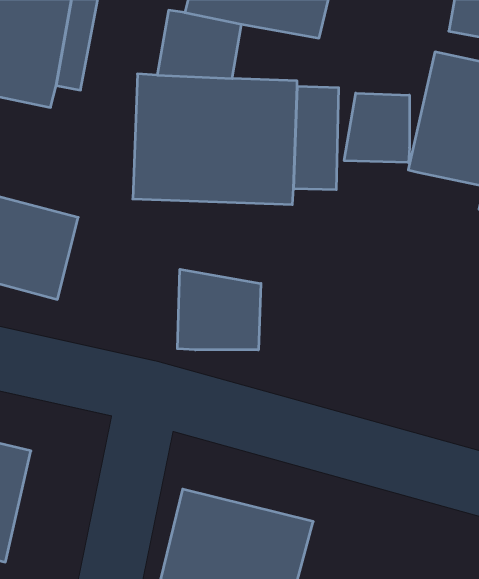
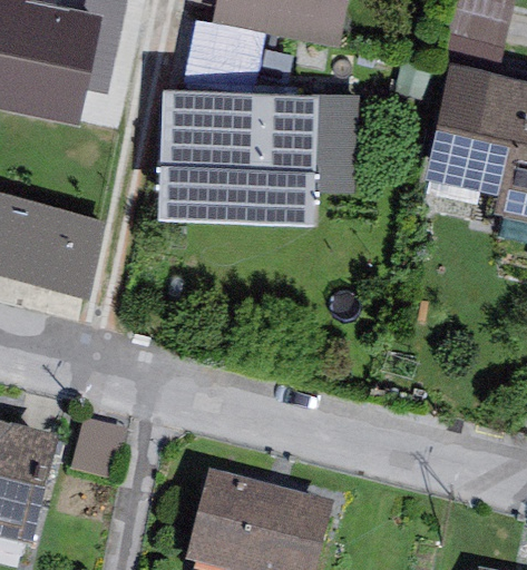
building: [344,93,409,163] -> none
building: [177,269,261,350] -> none

